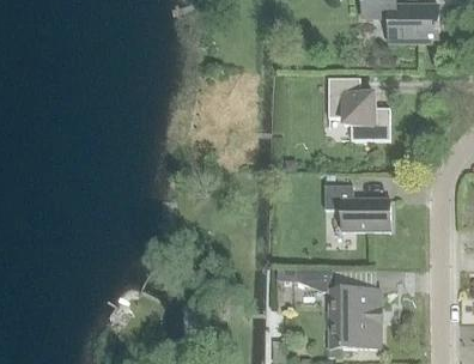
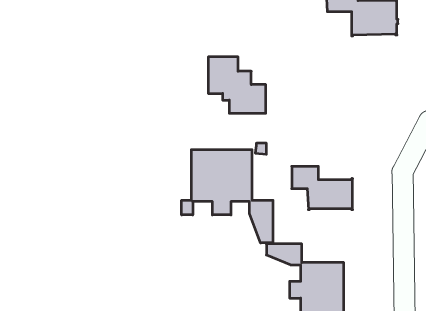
building: [327,78,389,139] -> [208,57,266,113]
building: none -> [182,150,273,243]

